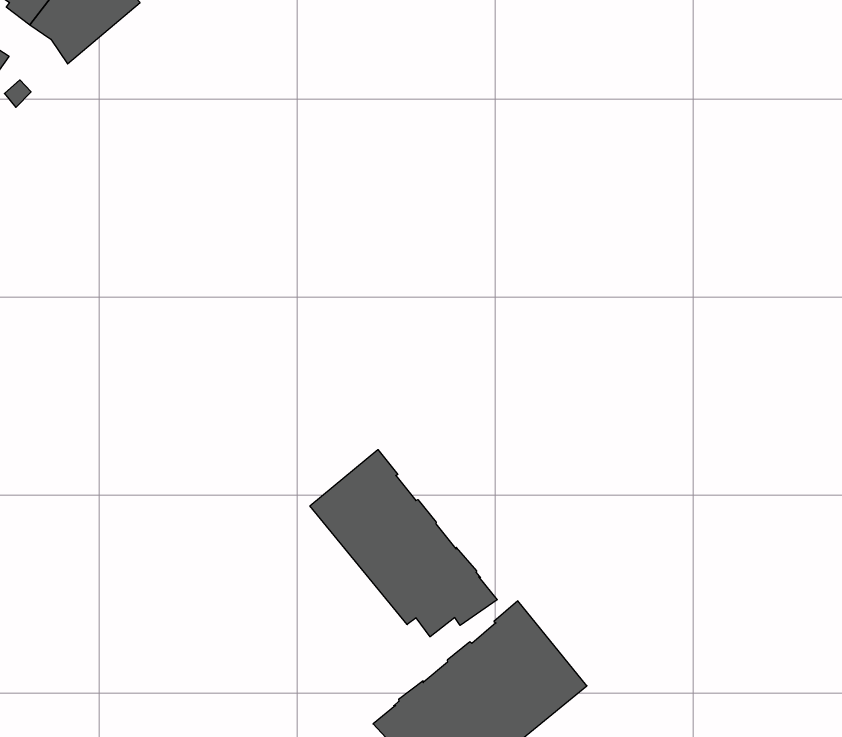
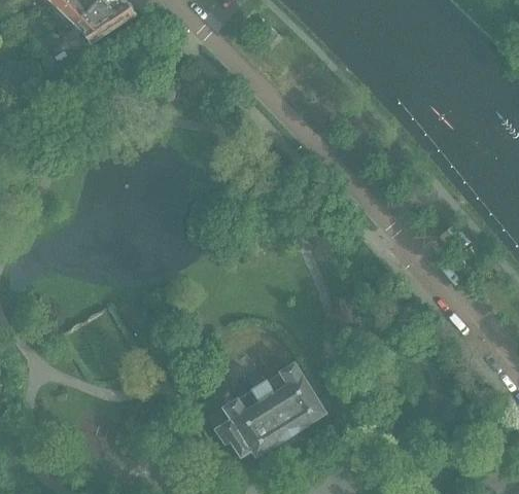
building: [310,450,497,637] -> none

